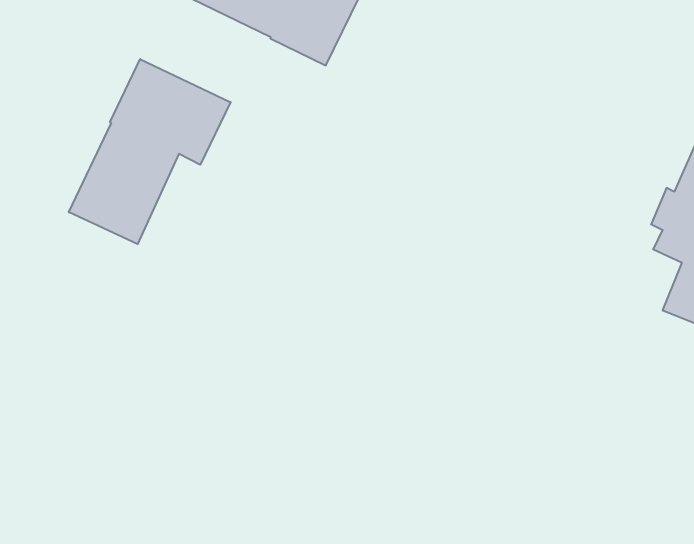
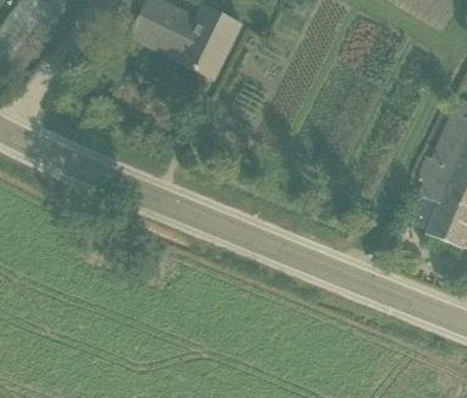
building: [69,59,231,244] -> none

